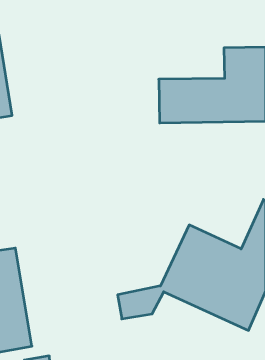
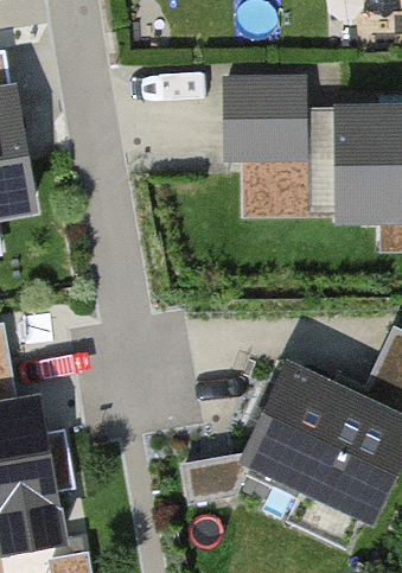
building: none -> [228,78,340,155]

